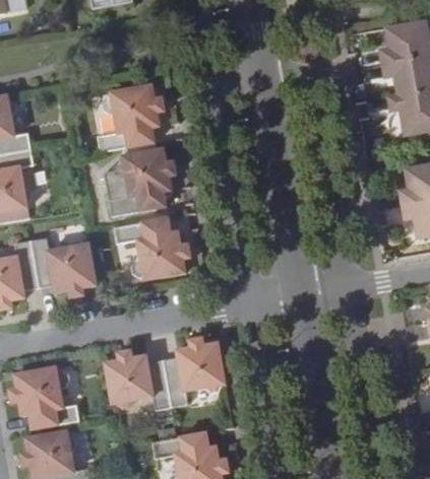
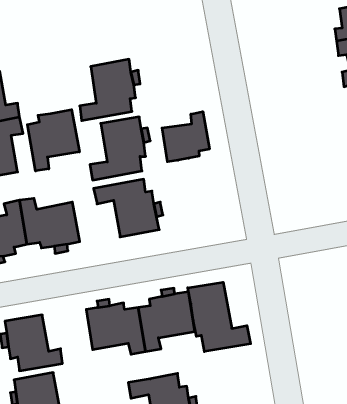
building: none -> [27,110,79,171]
building: none -> [162,112,209,162]
building: none -> [188,282,251,352]

